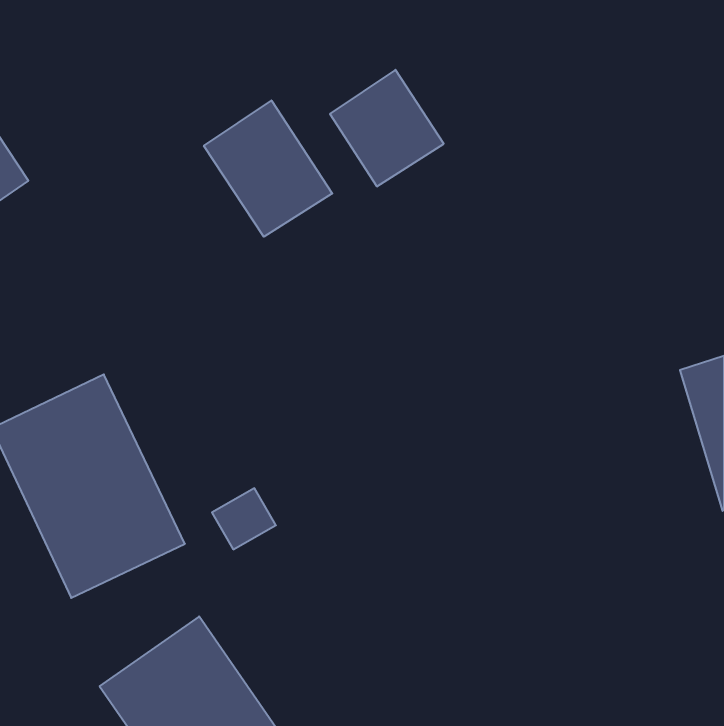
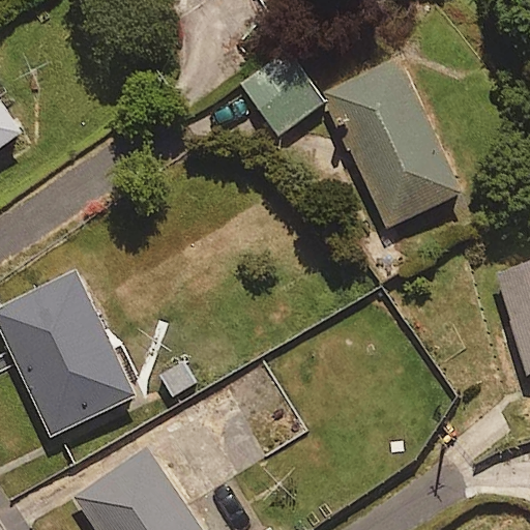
building: none -> [326,57,461,225]
building: [204,100,332,237] -> none

